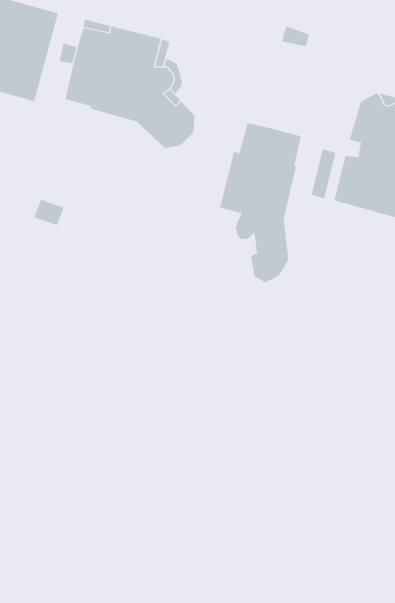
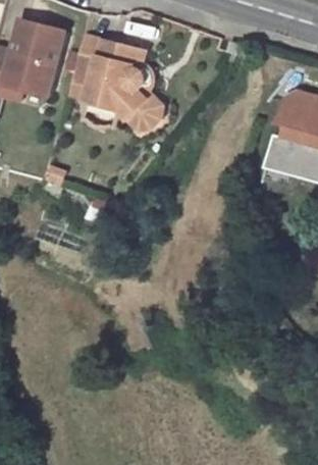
building: [220,123,301,283] -> none

